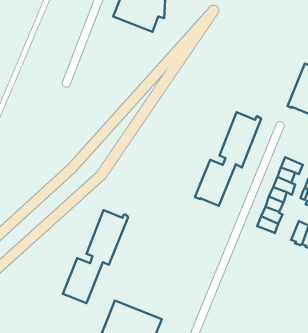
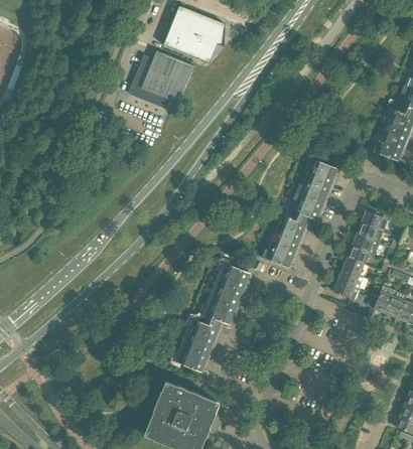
building: none -> [129,50,194,109]
building: [63,210,128,303] -> [174,262,252,371]

